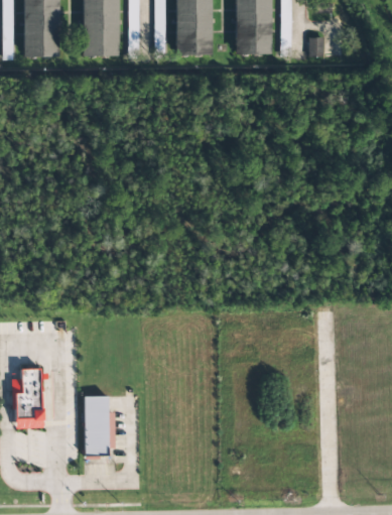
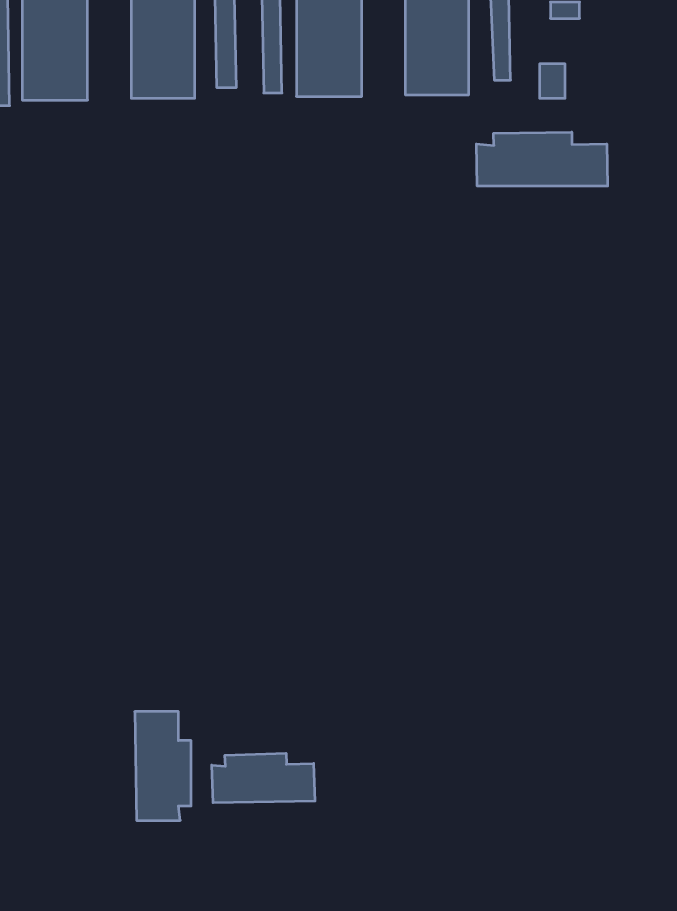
building: none -> [476,132,608,186]
building: [14,368,42,428] -> none
building: none -> [212,753,315,803]

